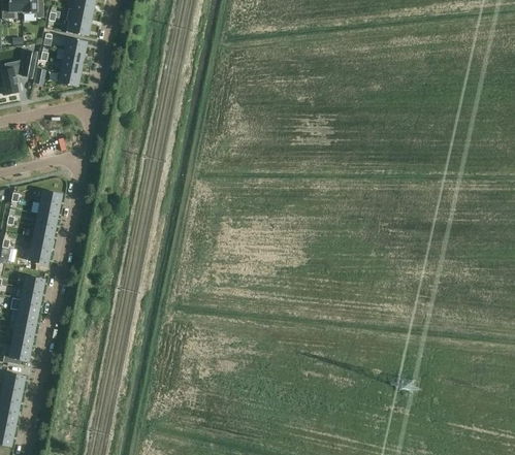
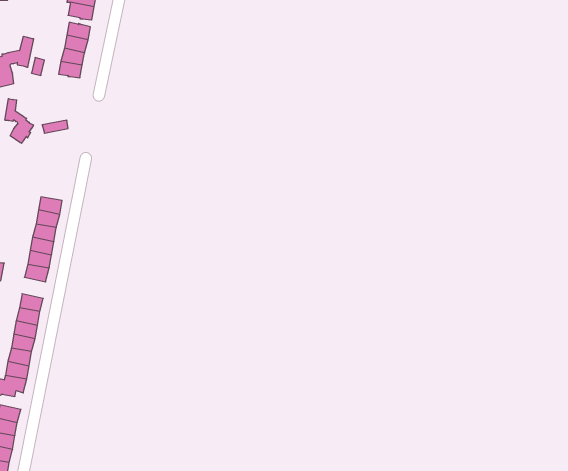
building: none -> [5,99,34,143]

